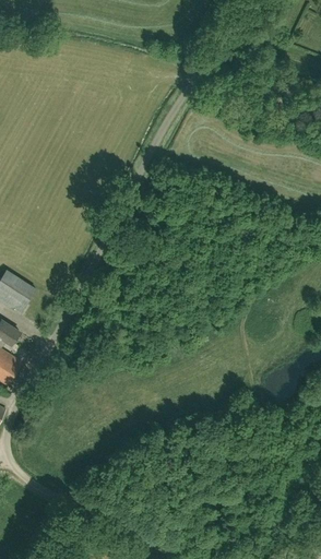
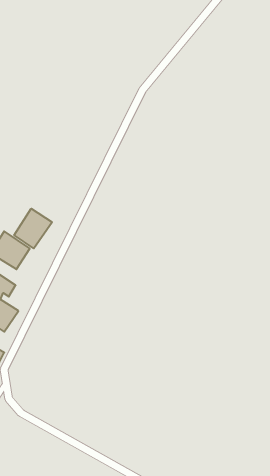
building: none -> [14,209,52,248]

